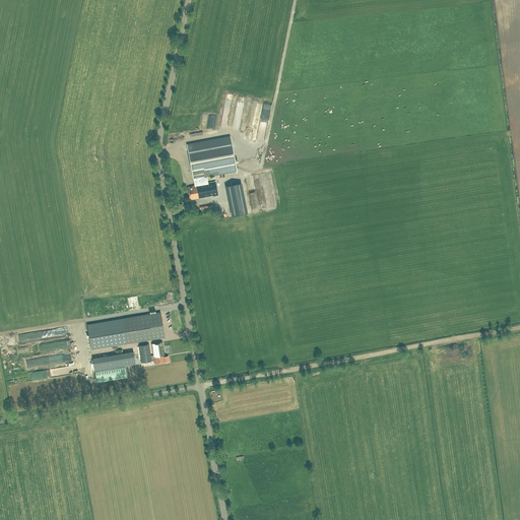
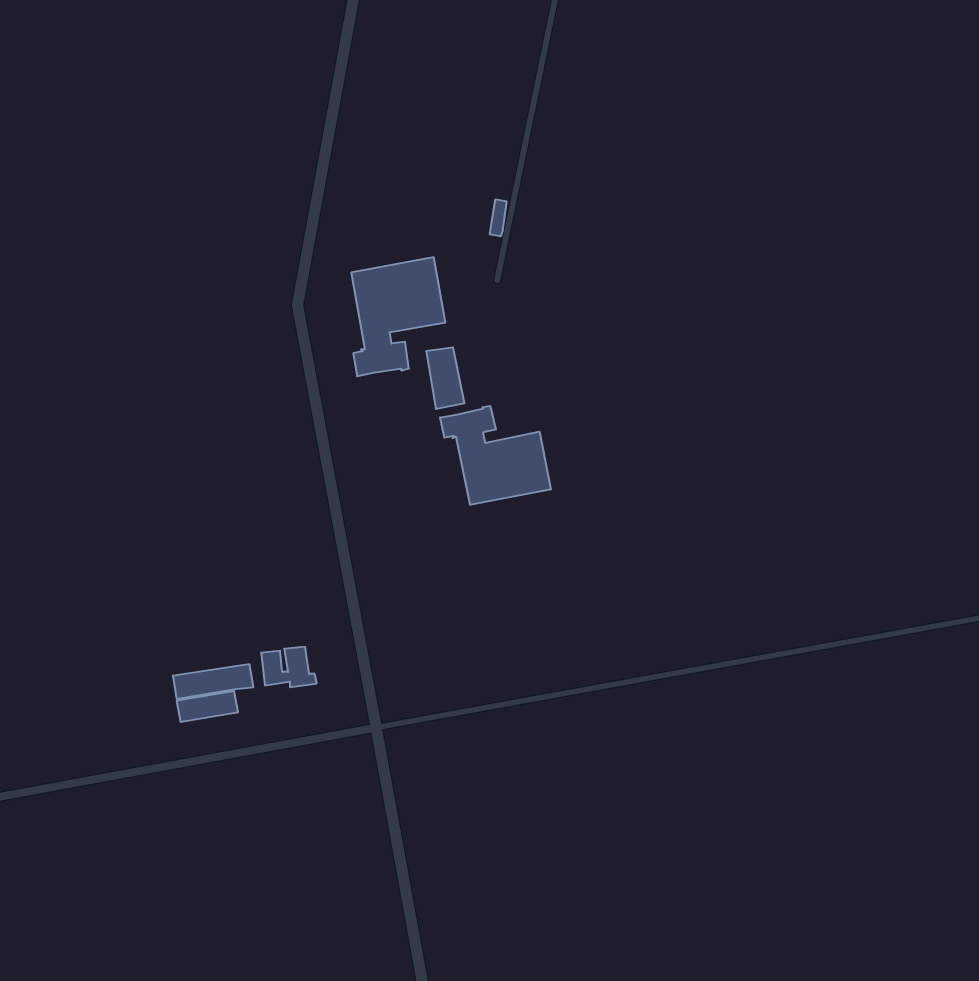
building: none -> [440,406,551,505]
building: [86,312,164,349] -> none

